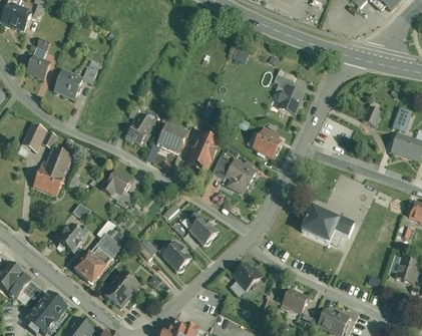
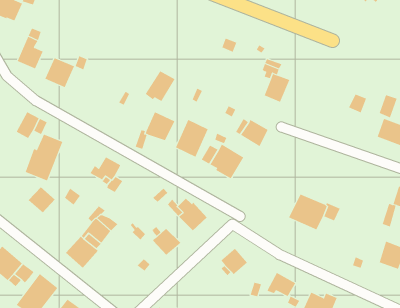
building: [124,112,155,144] -> [145,70,175,102]
building: [58,225,86,252] -> [28,187,56,213]
building: [102,268,143,309] -> none

